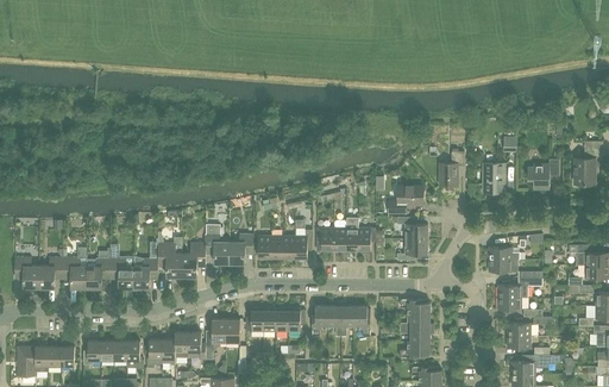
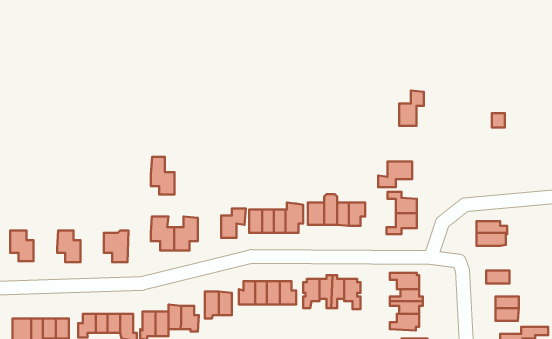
building: [439,151,464,187] -> [399,91,424,126]
building: [527,160,558,189] -> none
building: [483,164,503,193] -> none
building: [205,226,228,264] -> [151,157,174,194]
building: [38,257,63,288] -> none
building: [133,257,157,289] -> none
building: [86,258,109,289] -> none
building: [497,279,541,298] -> none

